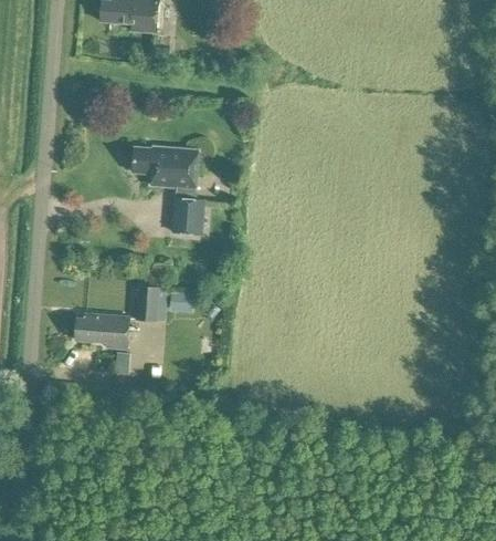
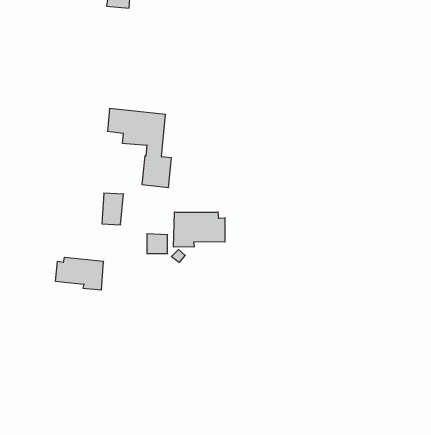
building: none -> [174,212,225,247]
building: [135,287,159,322] -> [102,193,124,225]

